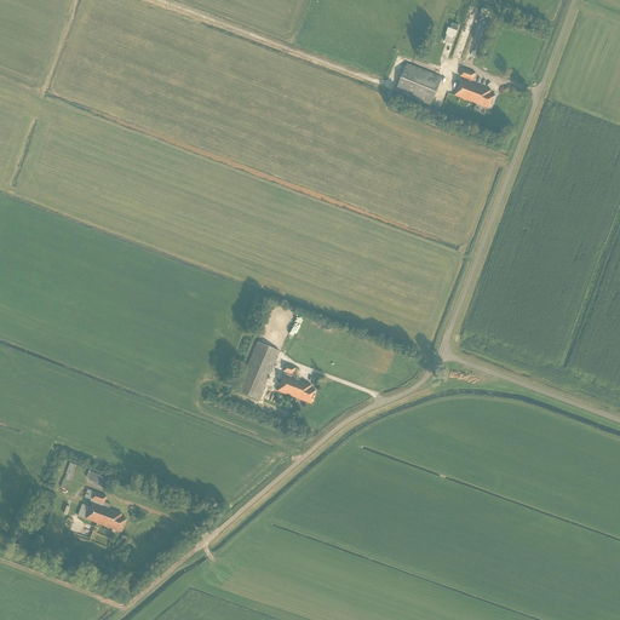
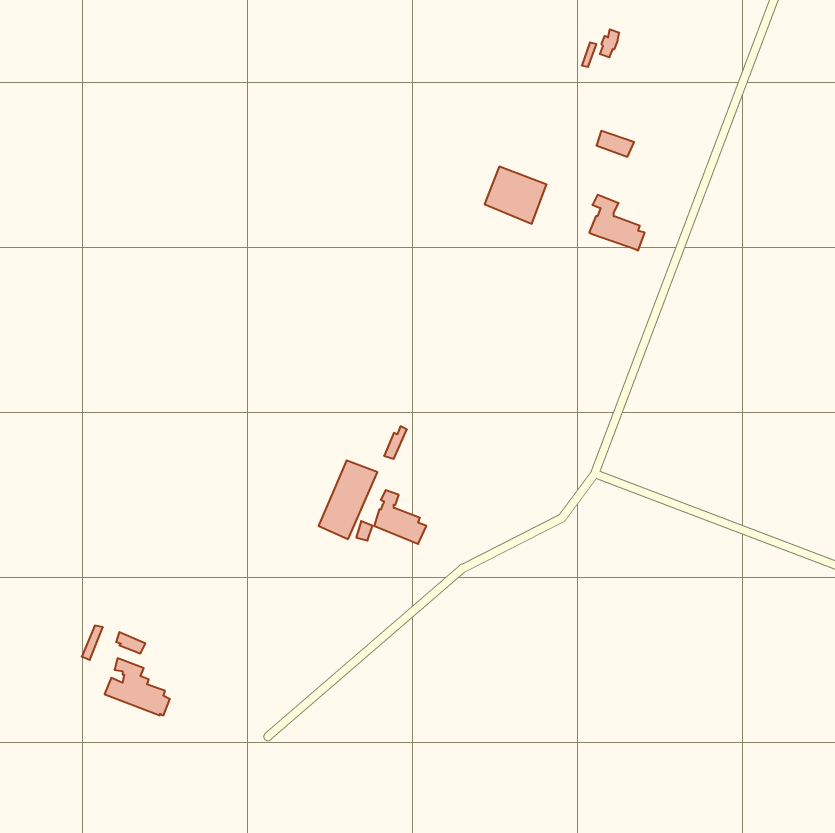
building: [396,63,442,105] -> [485,167,547,224]
building: [454,67,495,108] -> [589,195,645,250]

